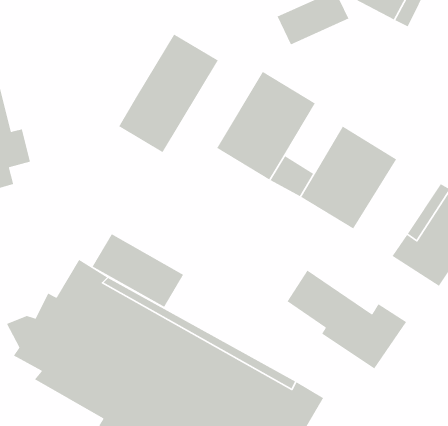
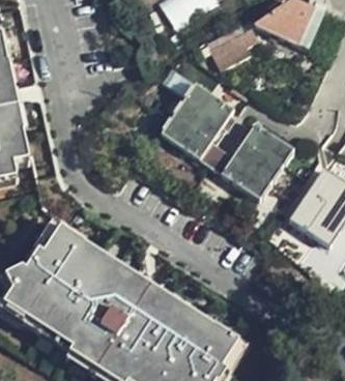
building: [118,33,219,153] -> none
building: [92,233,184,308] -> none
building: [287,270,407,369] -> none

